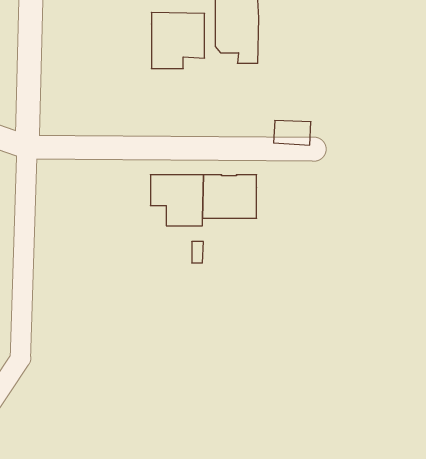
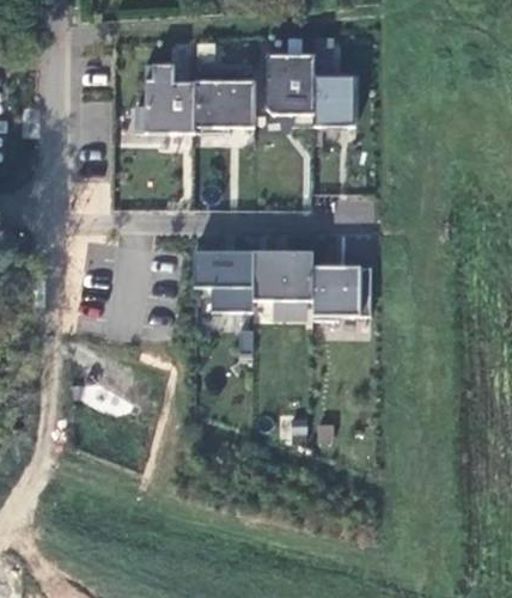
building: none -> [136,63,195,132]
building: none -> [315,74,355,126]
building: none -> [313,266,371,319]

